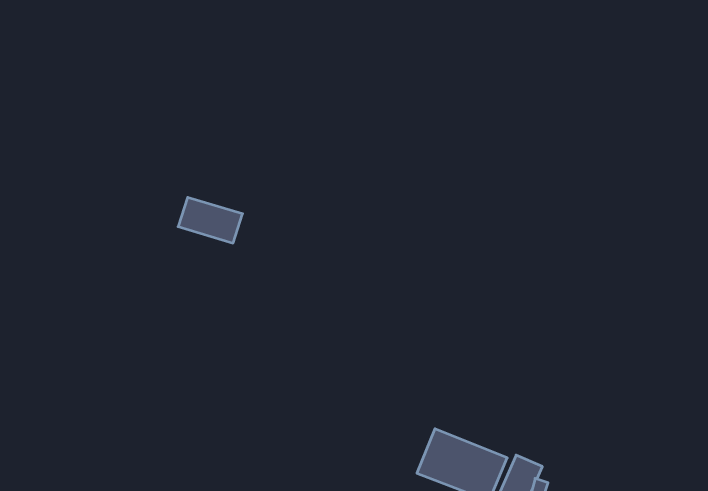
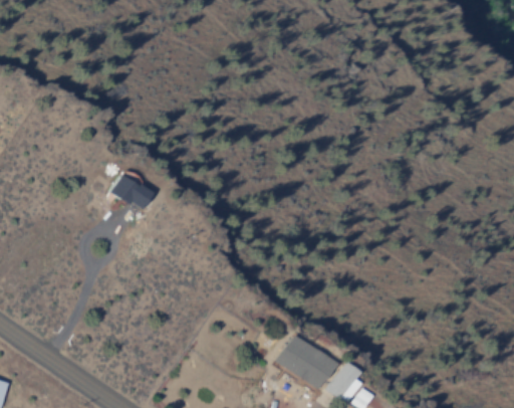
building: [178,197,243,243] -> [112,176,156,210]

